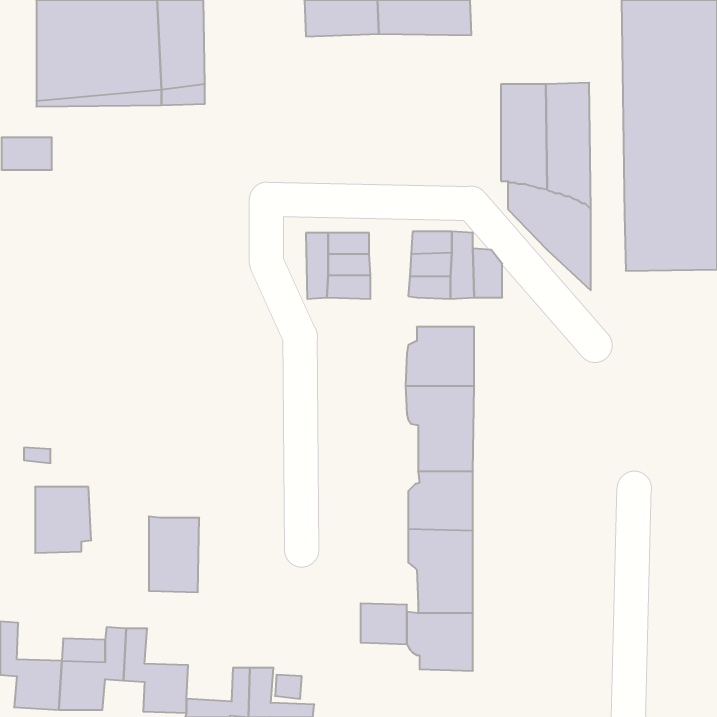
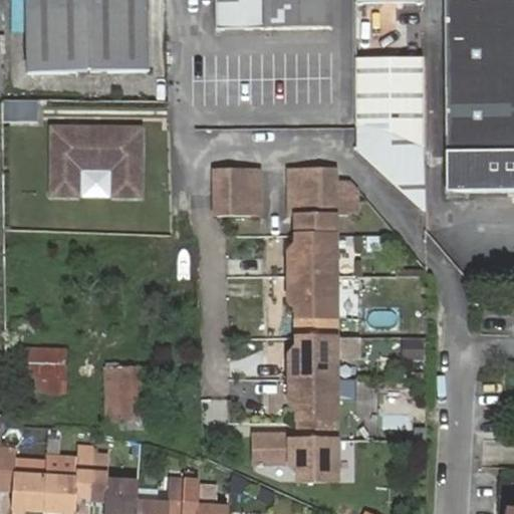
building: none -> [50,123,142,197]
building: none -> [298,213,339,234]

